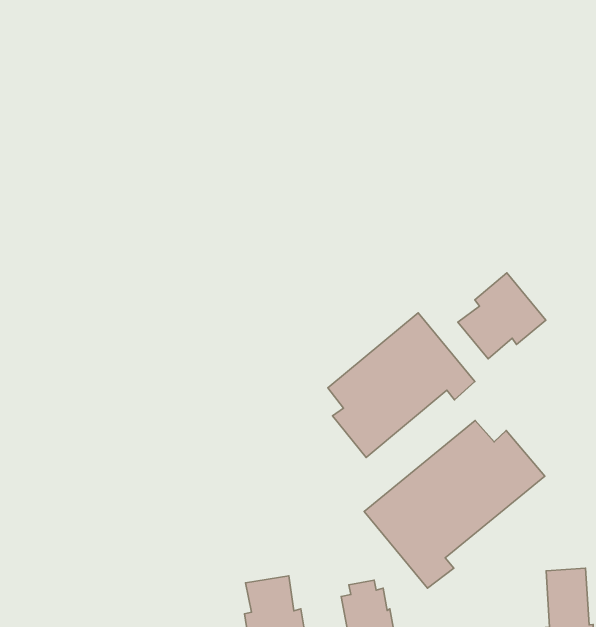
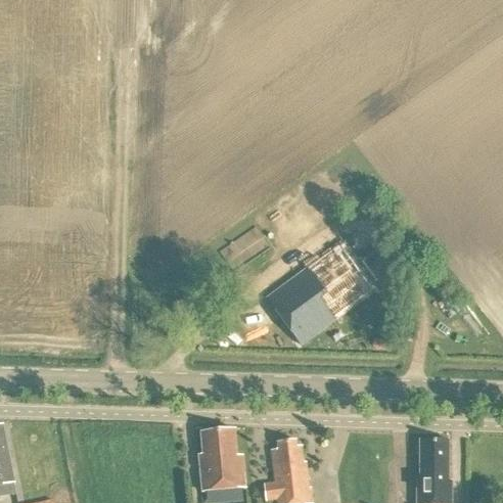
building: [458,273,546,359] -> none
building: [364,421,545,588] -> none

